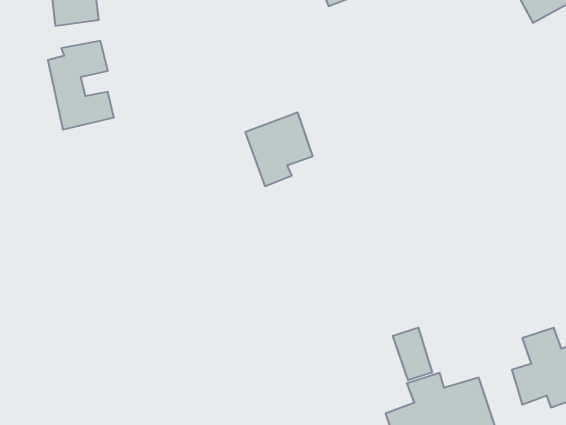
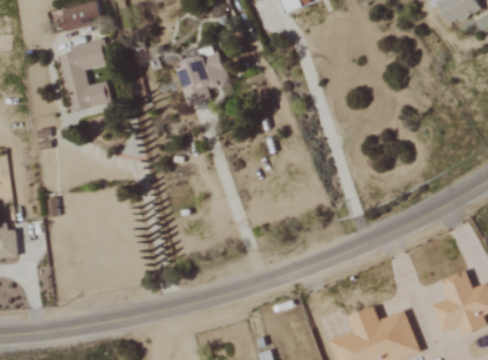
building: [245,112,313,186] -> [174,47,228,106]
building: [393,327,432,380] -> none

